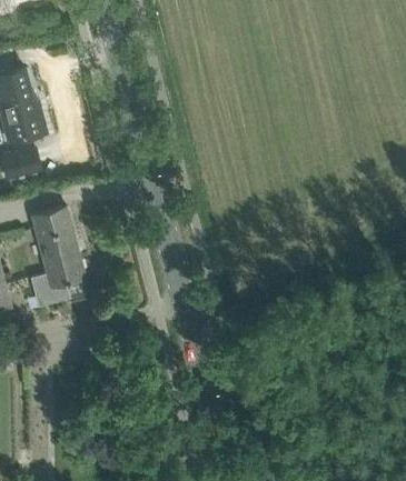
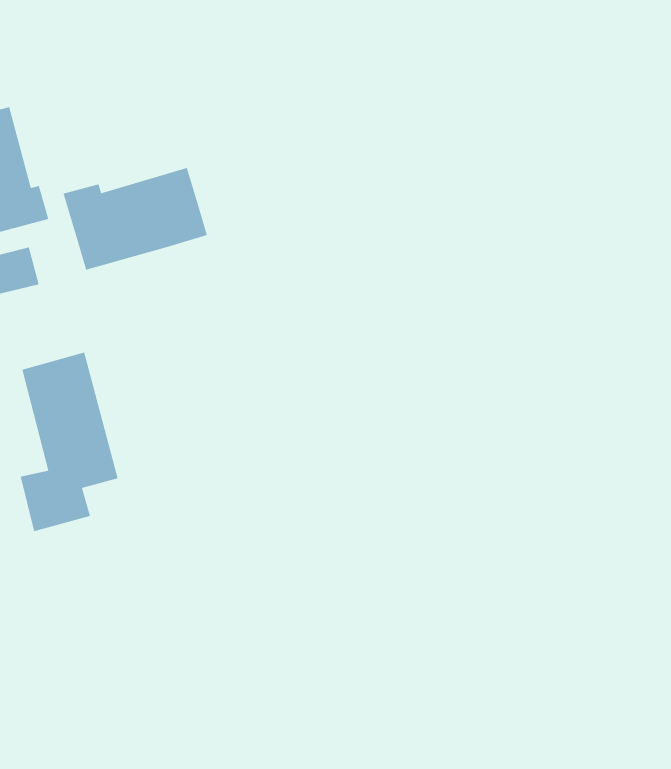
building: none -> [63,167,207,271]

